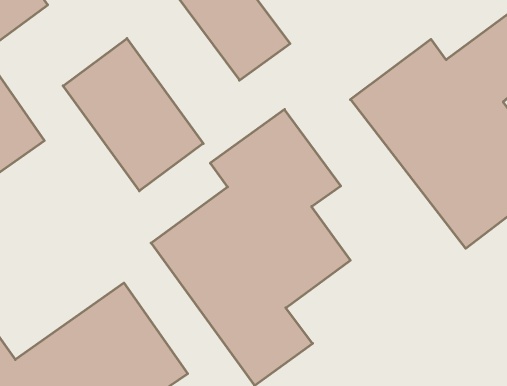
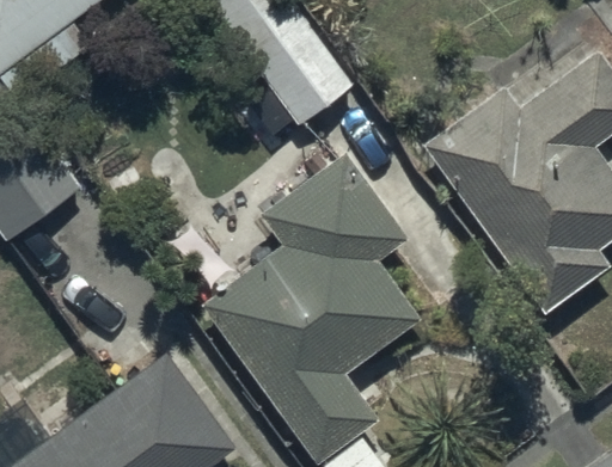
building: [63,38,203,191] -> none

